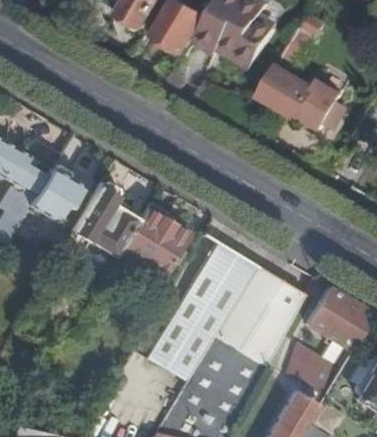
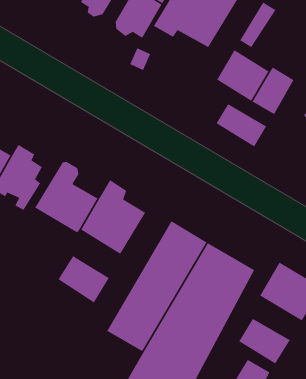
building: none -> [215,103,267,148]
building: none -> [58,255,110,303]

